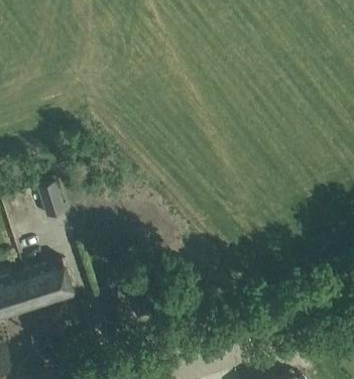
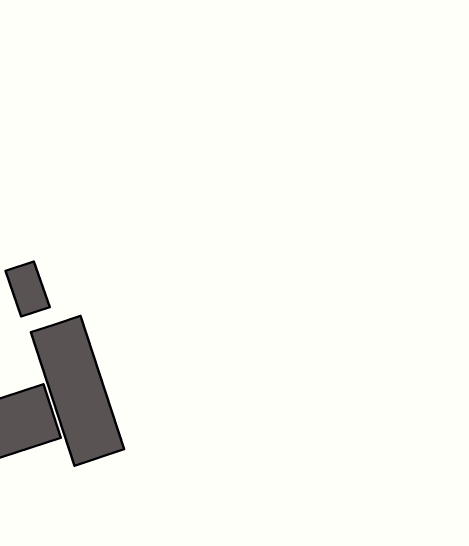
building: none -> [31,316,124,466]

